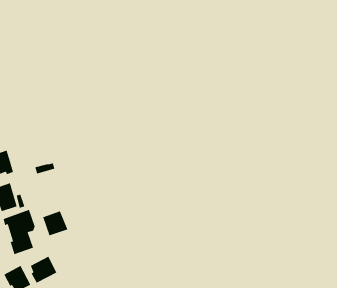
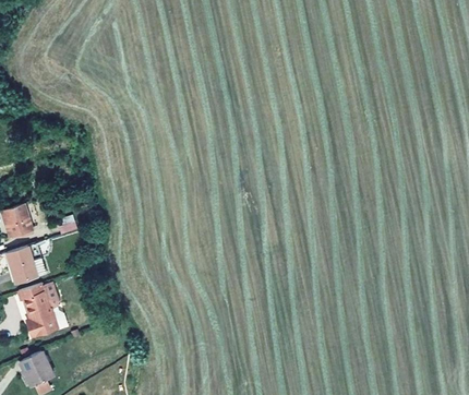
building: [42,210,68,236] -> none
building: [30,256,57,283] -> none

